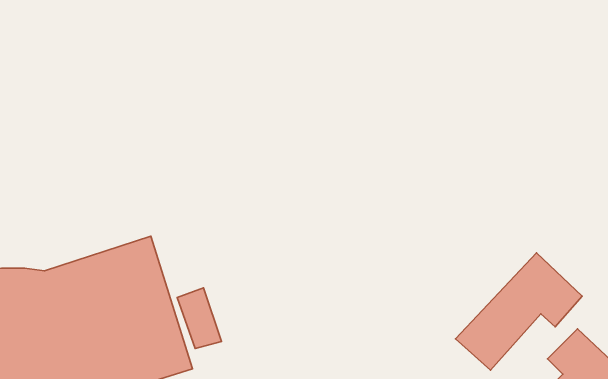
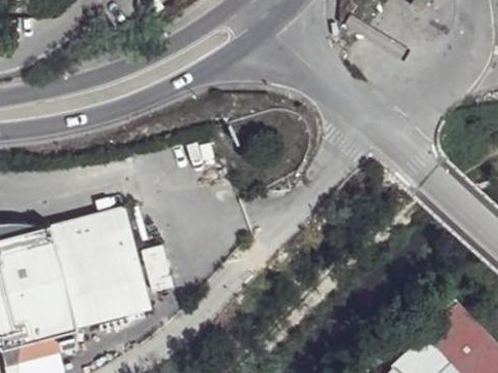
building: [456,253,582,370] -> none

